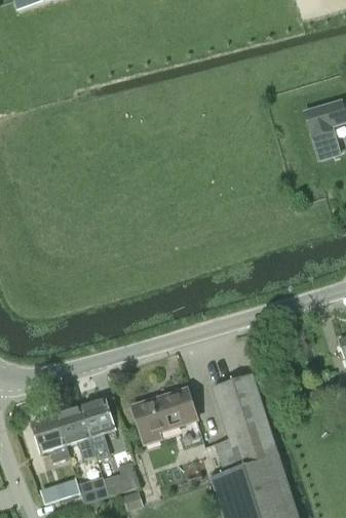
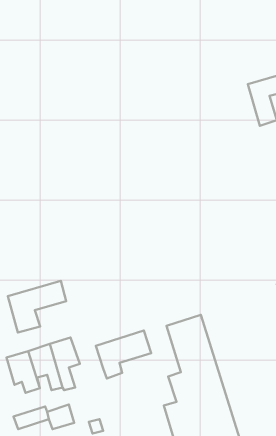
building: none -> [8,281,66,333]
building: [103,461,139,494] -> none

